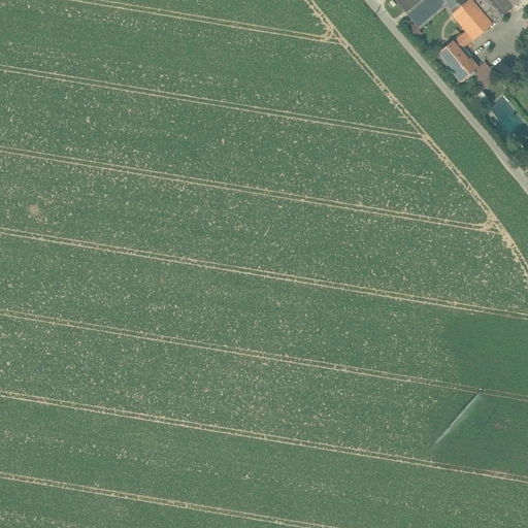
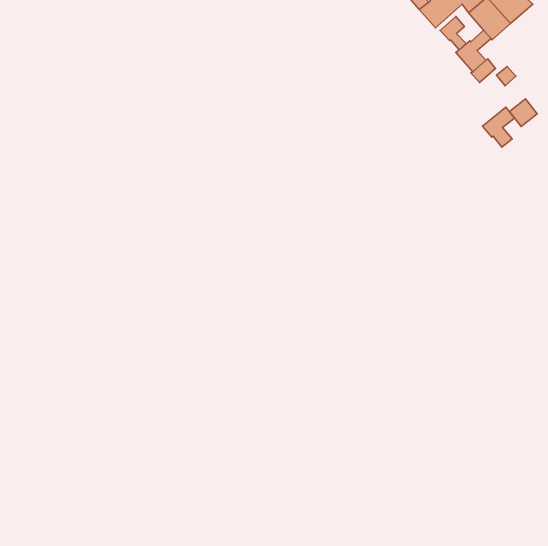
building: none -> [440,16,466,50]
building: none -> [482,107,514,147]

